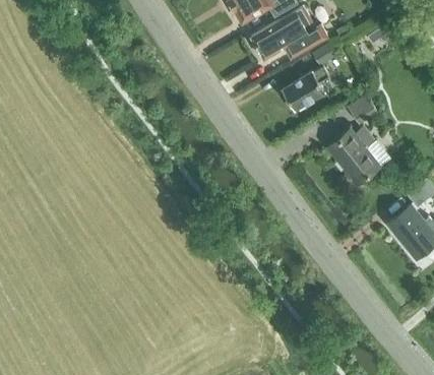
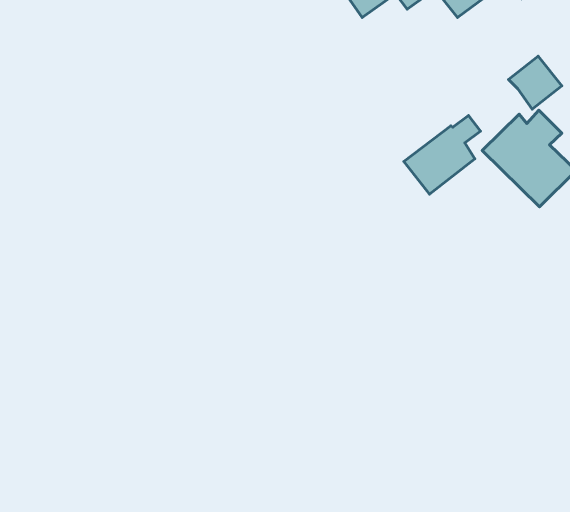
building: [282,65,329,110] -> [404,115,480,194]

